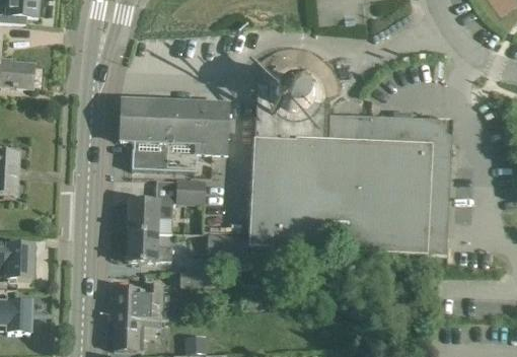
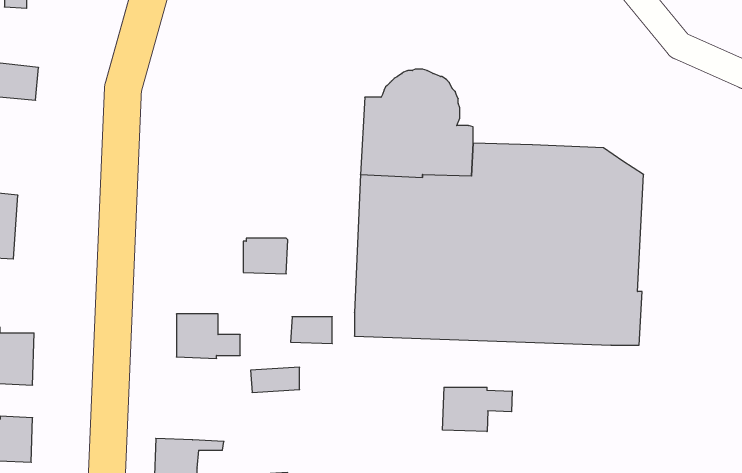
building: [120,98,228,170] -> none
building: [128,200,173,231] -> none
building: none -> [443,387,512,432]
building: [115,282,168,318] -> none

